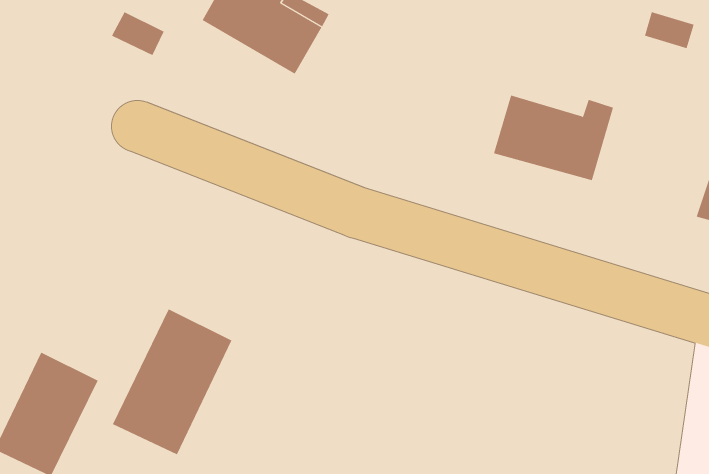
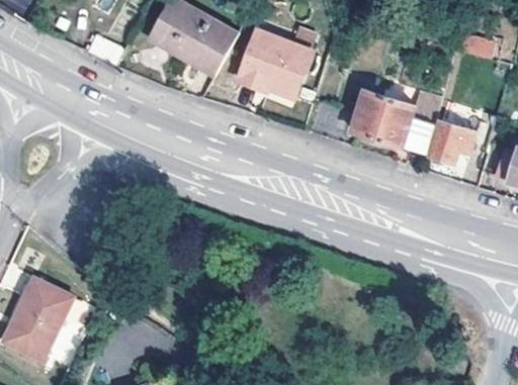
building: none -> [239,33,310,95]
building: none -> [427,121,476,165]
building: [112,308,232,455] -> none

